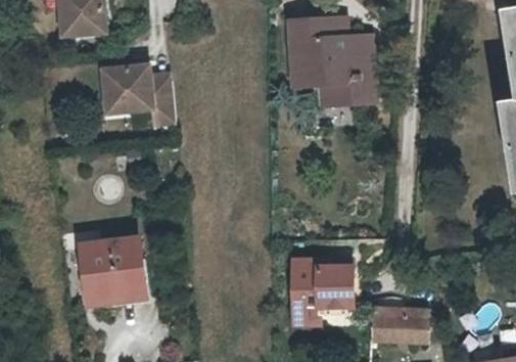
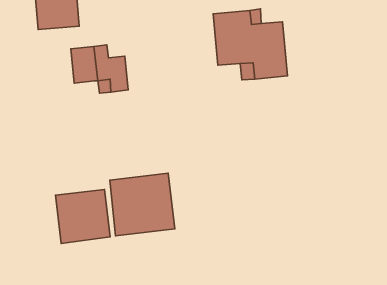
building: none -> [110,173,175,236]
building: [290,259,359,326] -> none
building: [374,308,432,345] -> none

